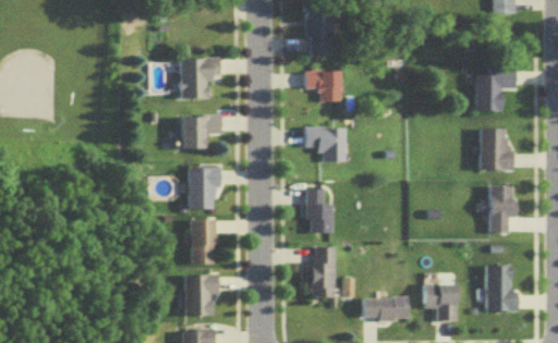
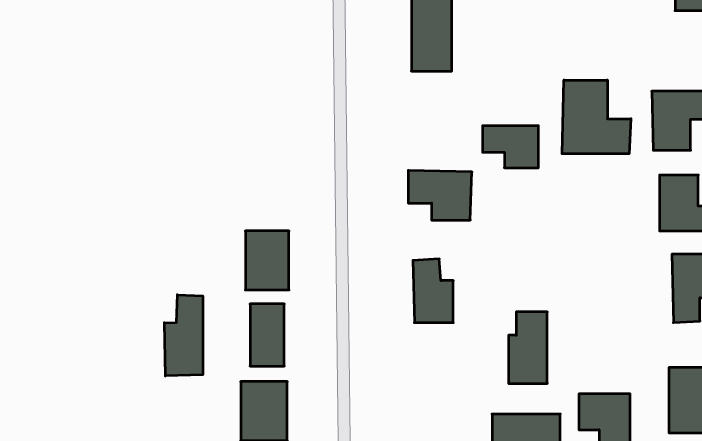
building: [181,58,220,97] -> none
building: none -> [562,80,631,154]
building: [304,73,343,102] -> [483,126,538,168]
building: [184,115,221,148] -> none
building: none -> [164,295,203,376]
building: [308,246,336,296] -> [509,312,547,383]

